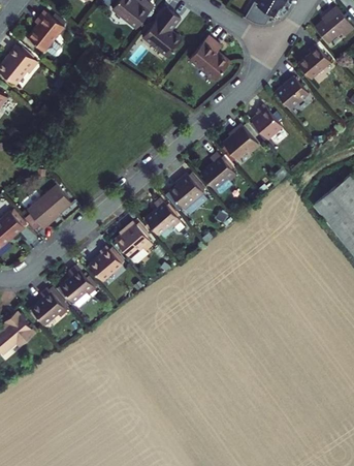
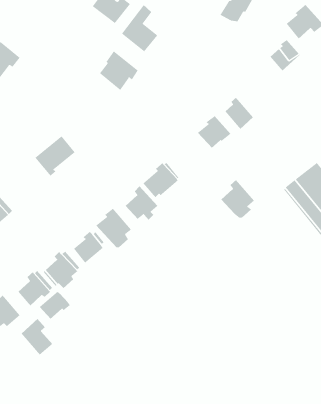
building: [26,11,63,56] -> none
building: [189,34,231,80] -> none
building: none -> [99,51,139,91]
building: [277,74,310,108] -> none
building: [201,152,237,193] -> [221,179,255,218]
building: [28,187,71,230] -> [35,136,76,176]
building: none -> [39,291,71,319]
building: none -> [21,318,53,355]

